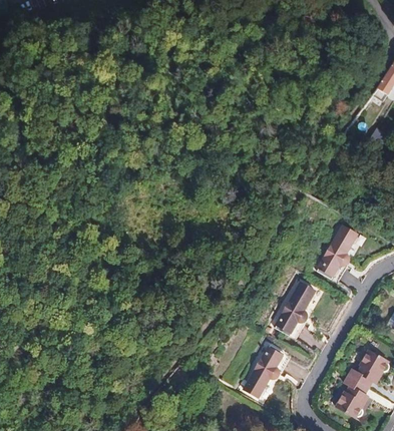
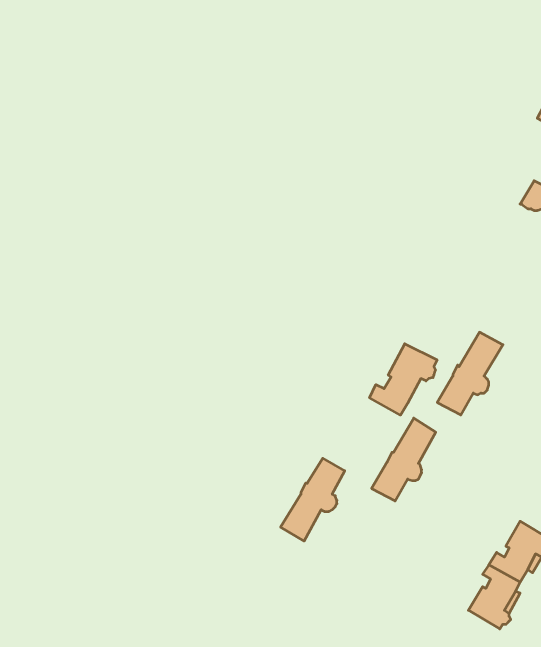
building: none -> [370,344,437,415]
building: [243,343,284,396] -> [281,458,345,541]

